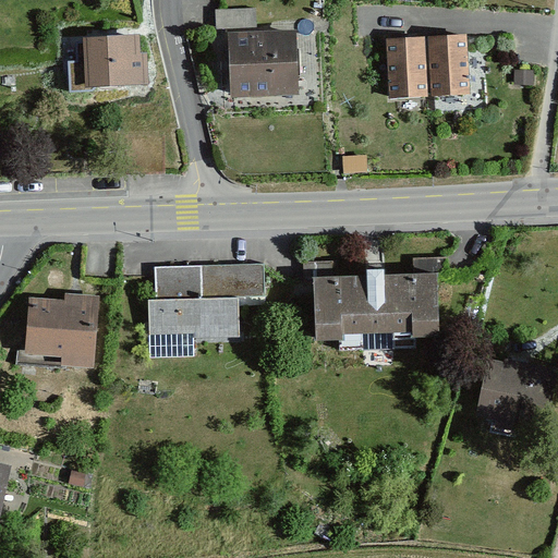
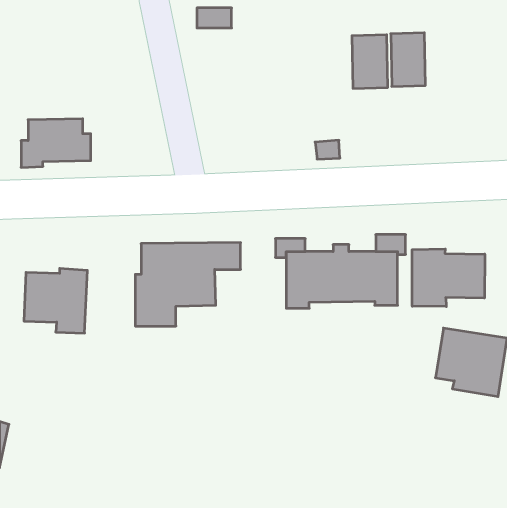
building: [228,32,296,96] -> none
building: [69,38,145,92] -> [21,119,91,167]
building: none -> [412,249,485,307]

